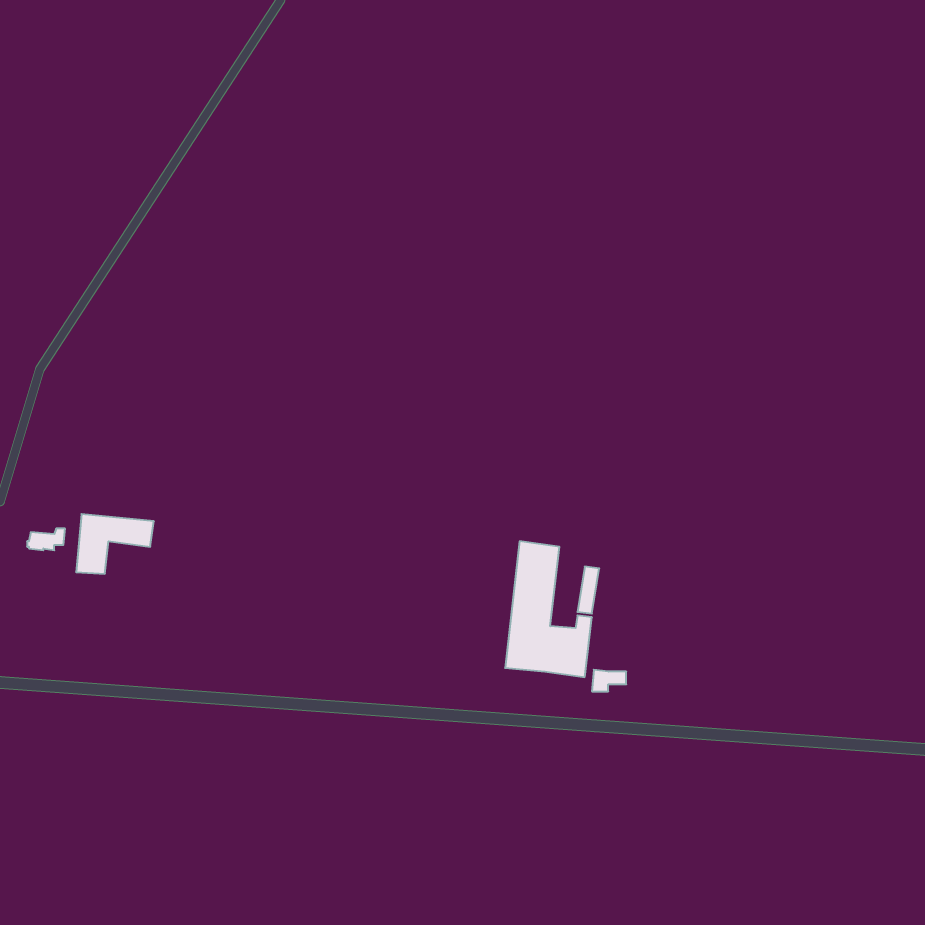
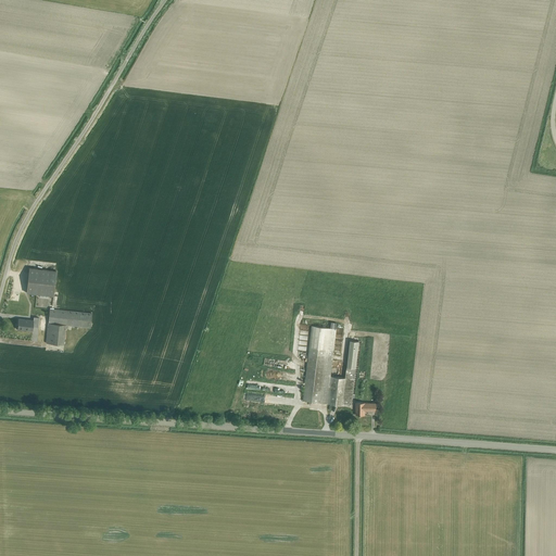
building: none -> [26,268,56,295]

